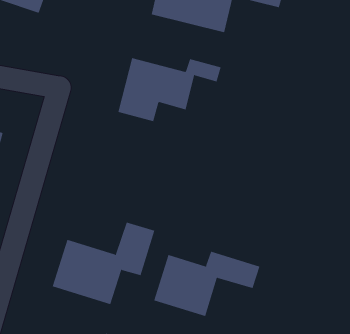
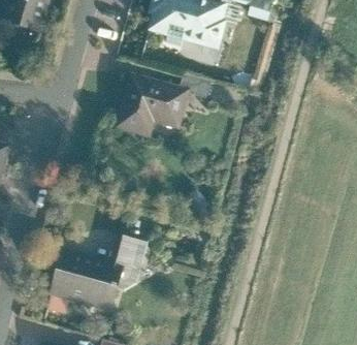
building: [154,251,260,317] -> none

